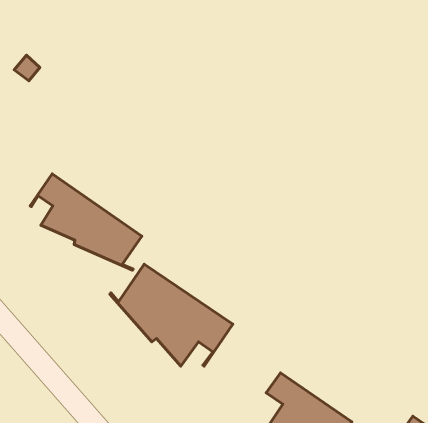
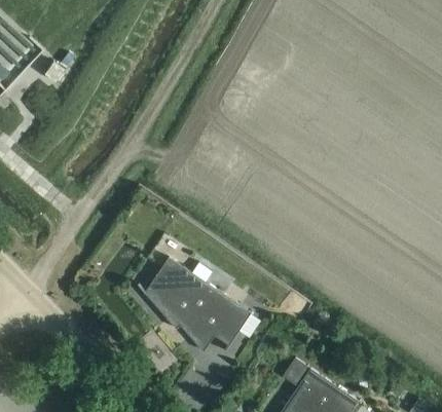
building: [30,174,142,270] -> none

